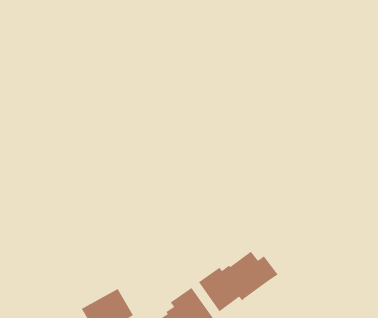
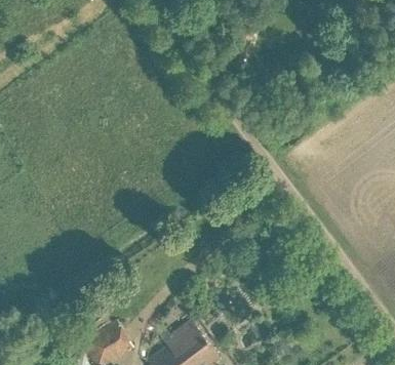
building: [198,251,278,312] -> none

